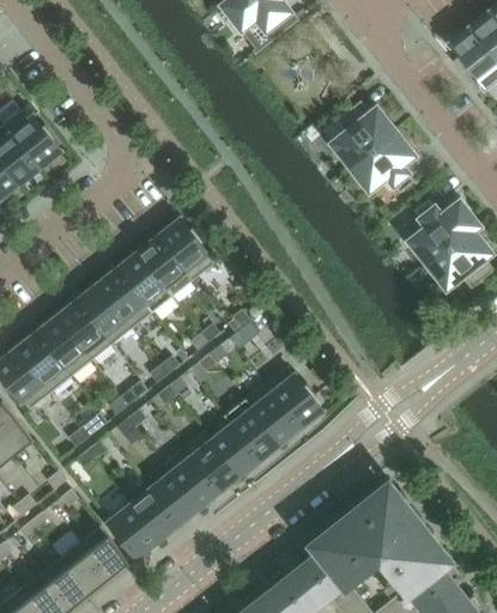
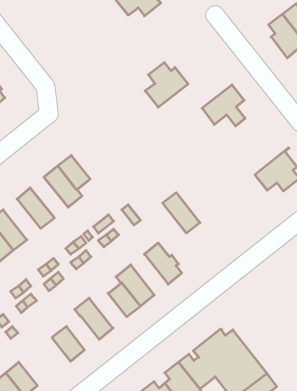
building: [331,102,394,168] -> [145,63,188,107]
building: [408,200,477,266] -> none
building: [157,220,213,283] -> none
building: [96,269,152,329] -> none
building: [56,302,111,362] -> none
building: [244,383,299,443] -> [163,193,200,233]
building: [183,431,238,492] -> none
building: [150,474,198,524] -> none
building: [105,500,156,557] -> none
building: [79,527,127,577] -> none

